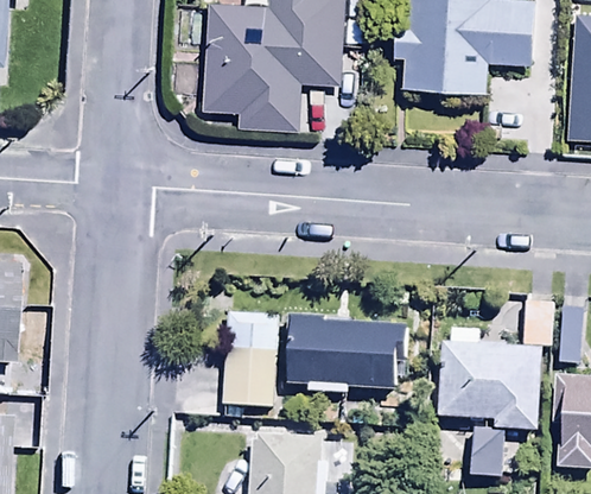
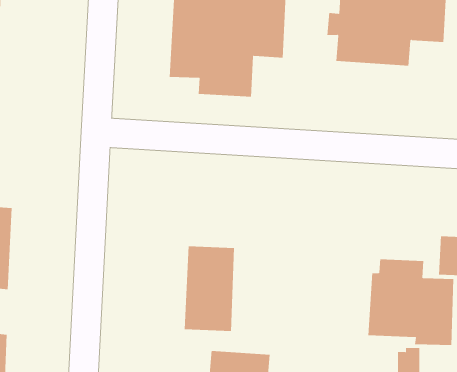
building: [288,310,406,394] -> none

